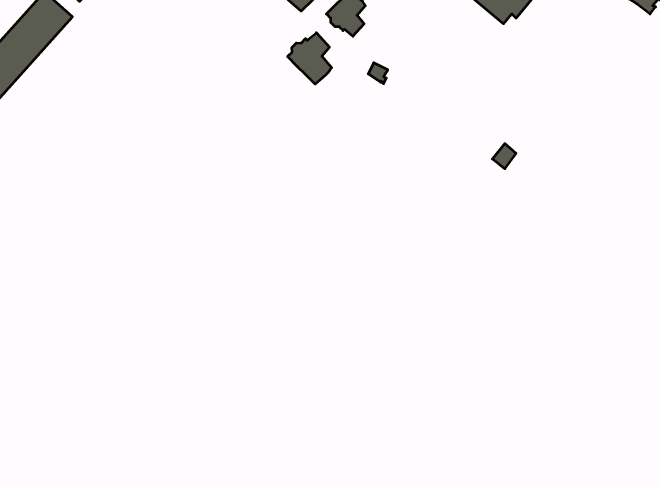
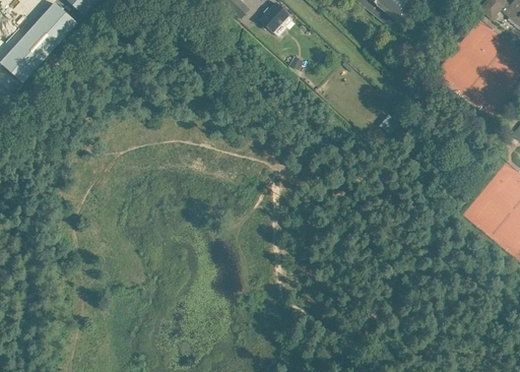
building: [288,33,332,84] -> none

